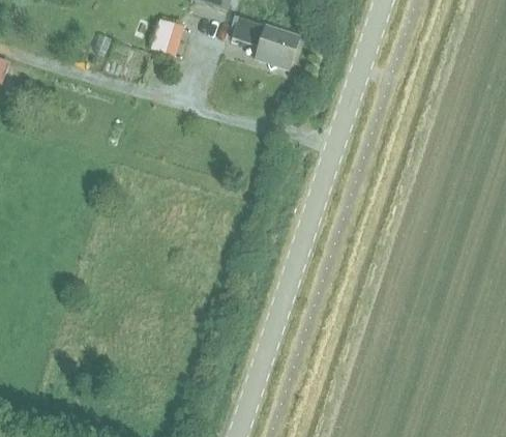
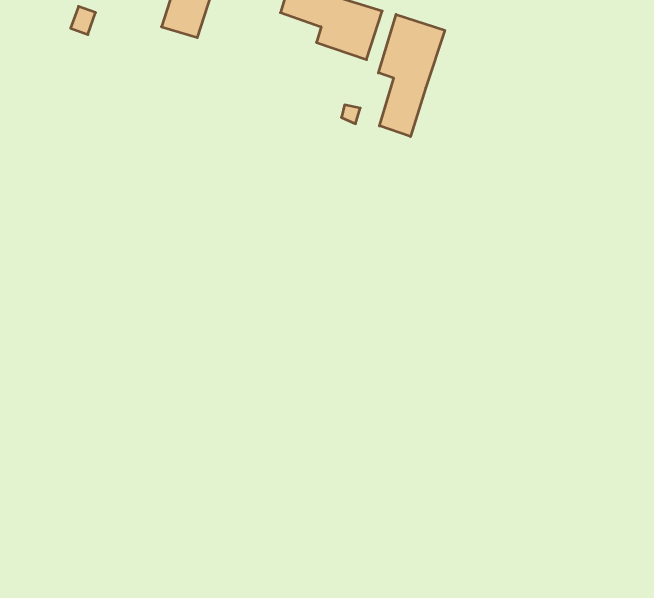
building: none -> [378,14,445,137]

